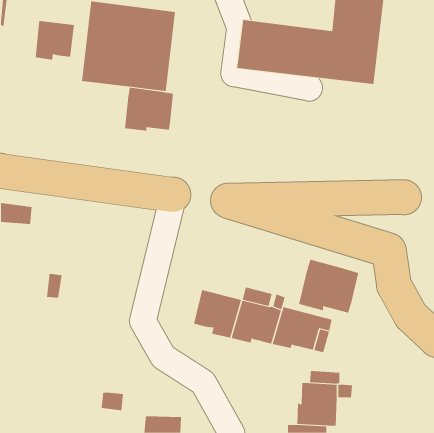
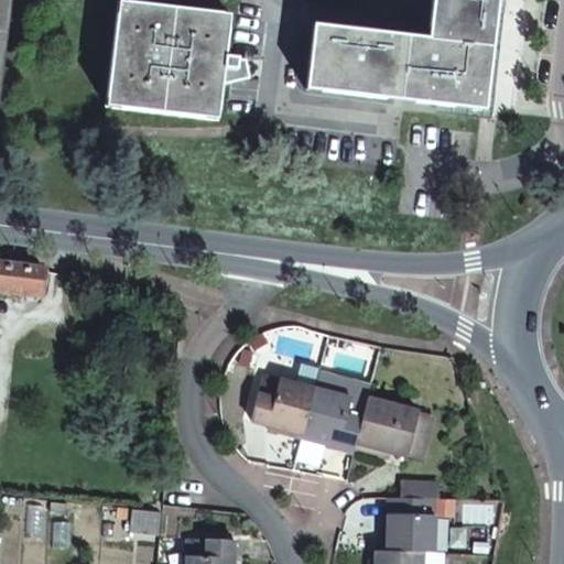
building: [35,20,75,61] -> none
building: [124,87,173,132] -> none
building: [298,259,359,313] -> none

